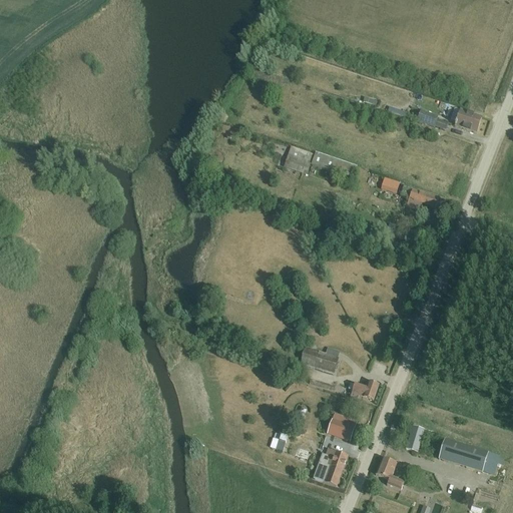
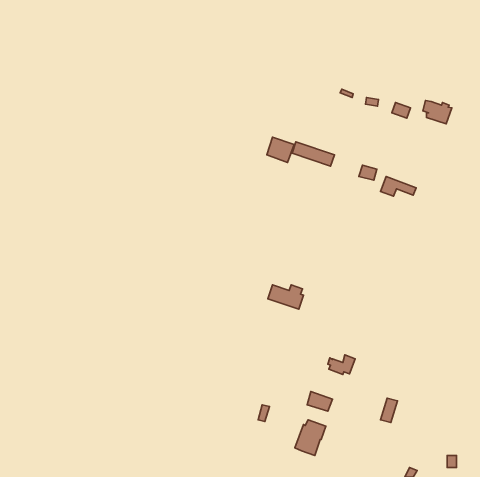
building: [301,346,339,372] -> [268,285,303,309]
building: [439,438,487,470] -> none
building: [376,457,404,488] -> none

